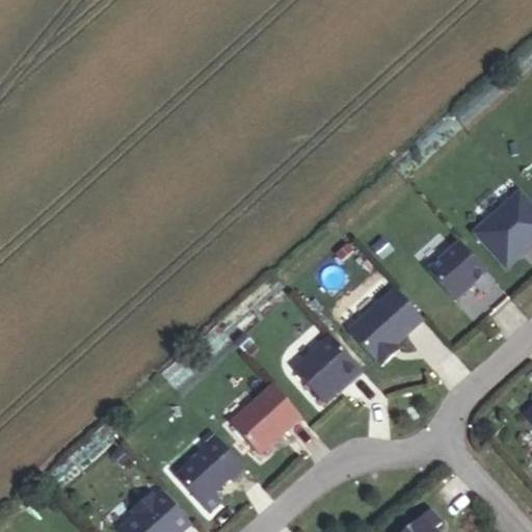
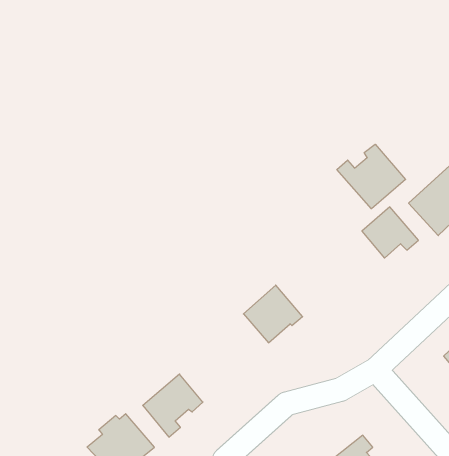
building: none -> [337,144,406,209]
building: [349,287,424,364] -> none
building: [230,382,301,452] -> none

